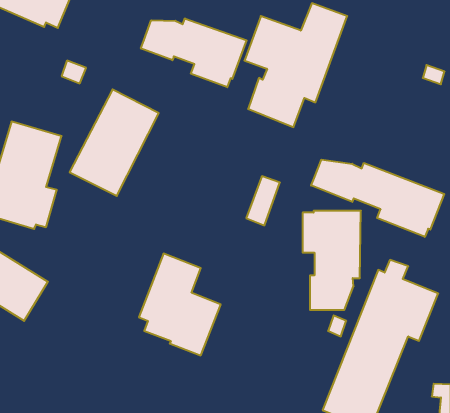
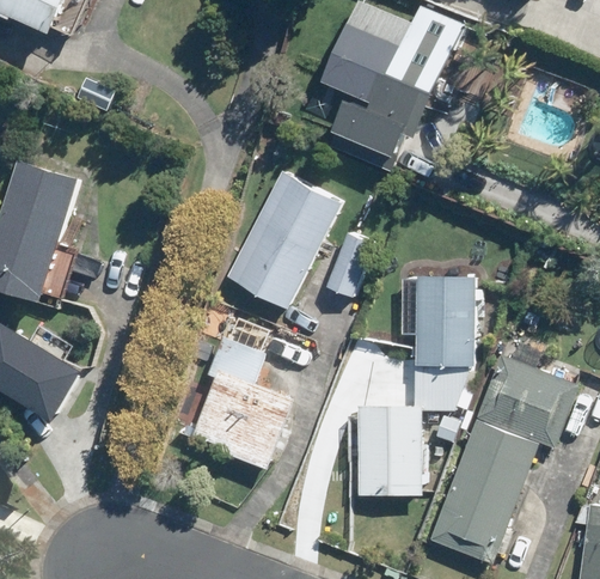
building: [141,18,247,87] -> none
building: [70,89,159,196] -> [226,170,343,310]
building: [311,160,444,237] -> none
building: none -> [347,408,424,496]

